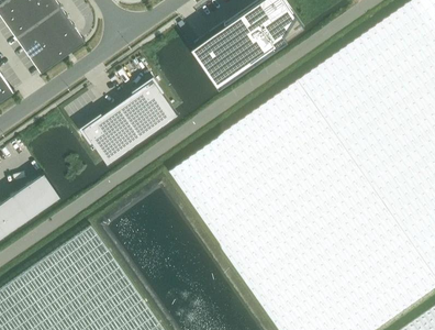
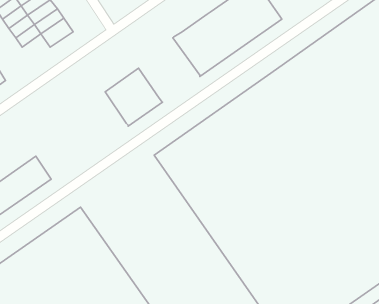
building: [30,43,59,72] -> none
building: [82,105,142,165] -> none

